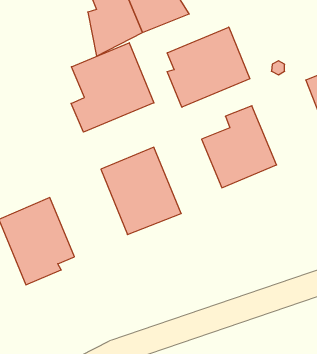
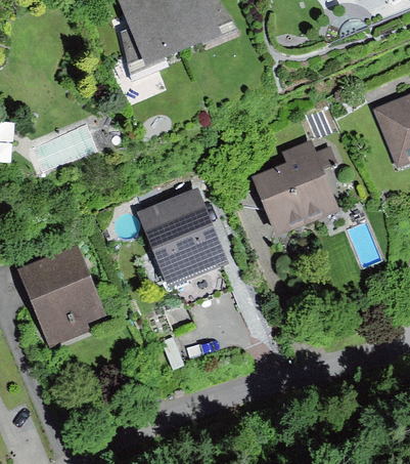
building: [167,27,250,107] -> none
building: [71,43,154,132] -> none

